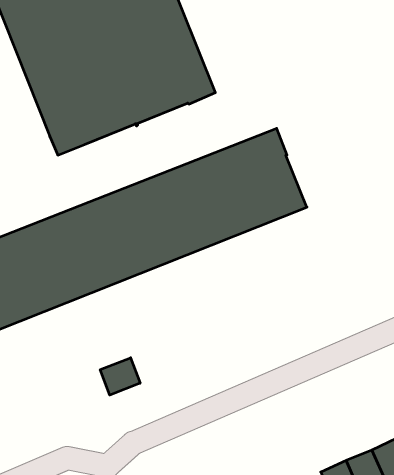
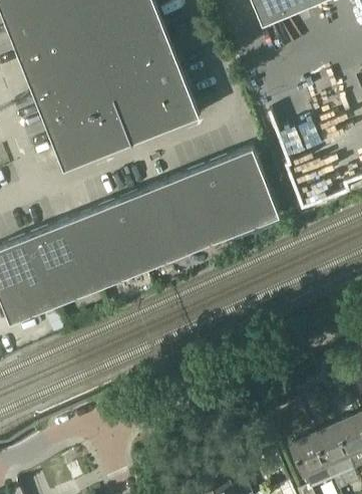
building: [100,358,140,395] -> none

